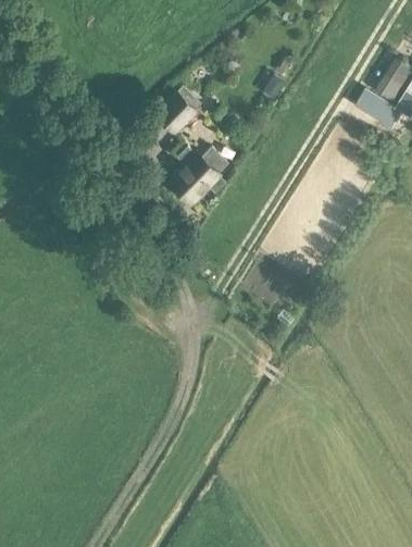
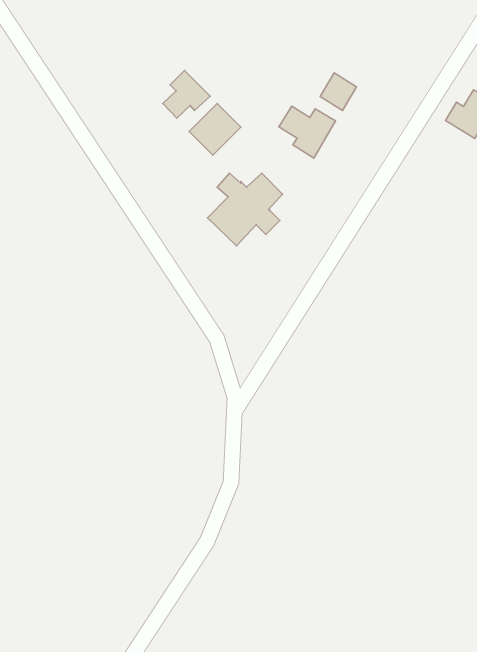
building: none -> [163,71,210,118]
building: none -> [279,106,336,158]

